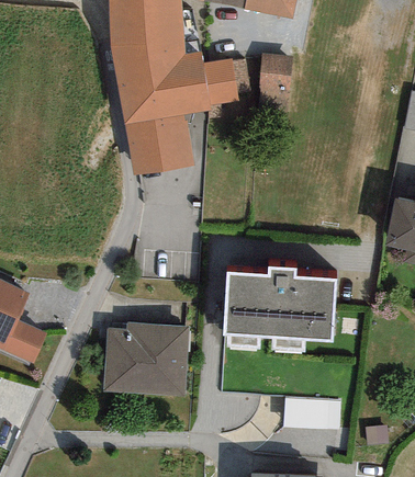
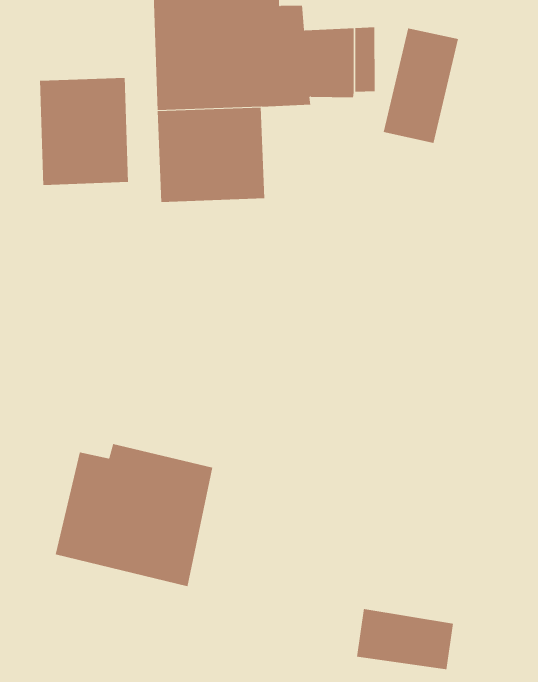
building: none -> [40,77,128,186]
building: [222,268,337,343] -> none

